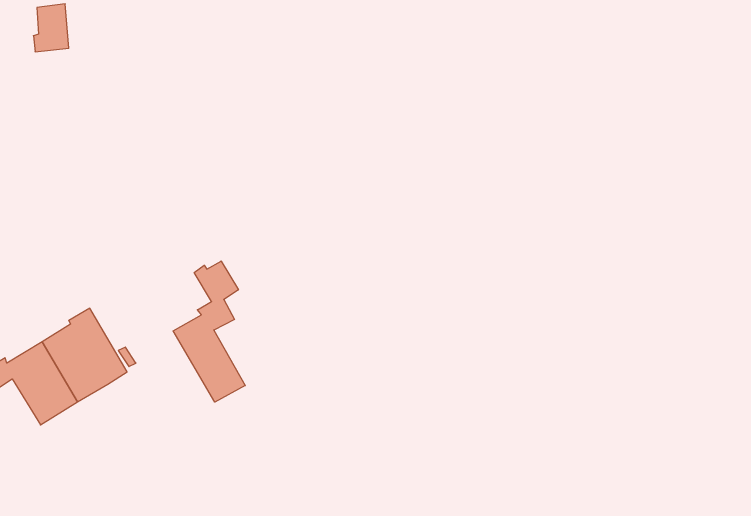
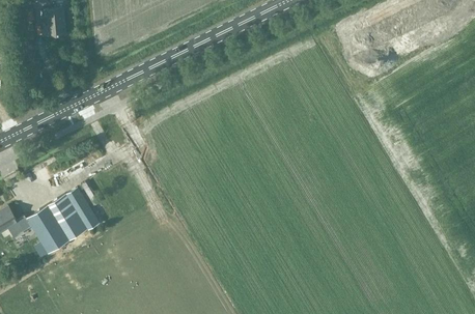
building: [173,261,245,402] -> none

